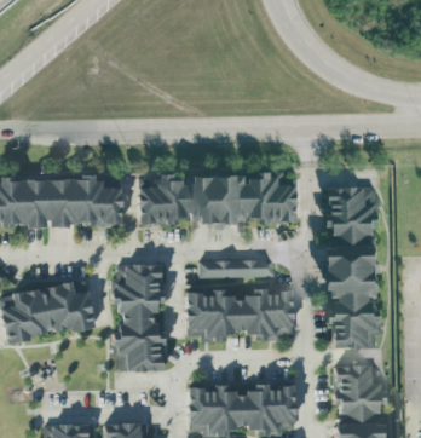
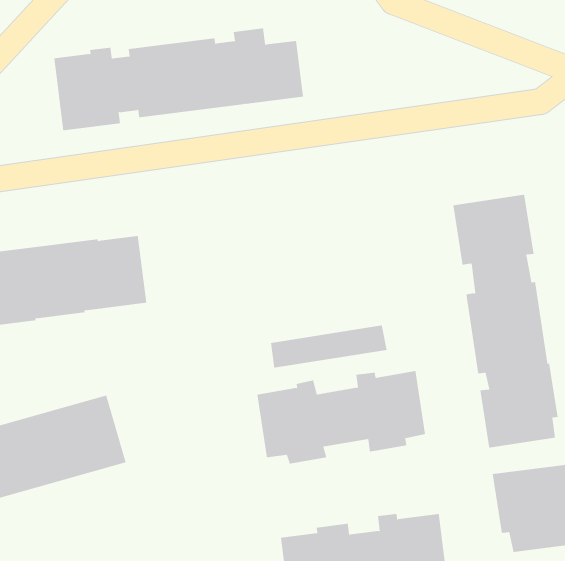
building: [139,173,300,224] -> [53,28,304,131]
building: [113,265,163,371] -> none

